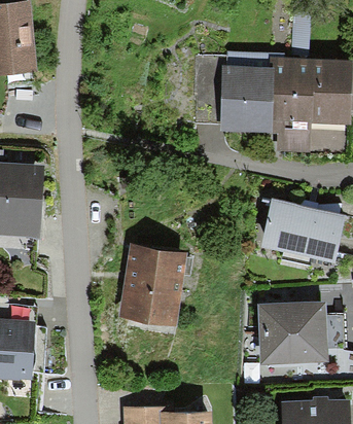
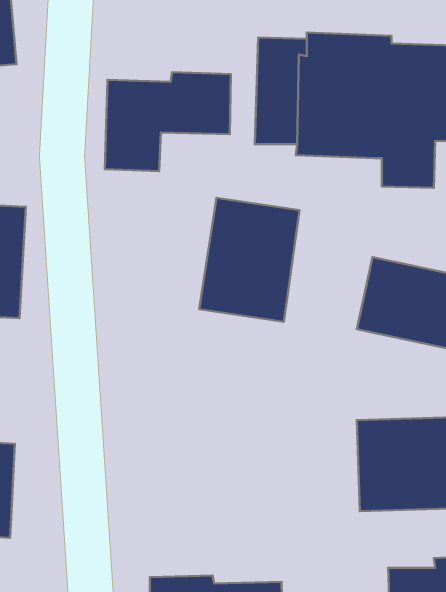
building: none -> [105,72,231,171]
building: [118,244,184,325] -> [199,198,300,322]

